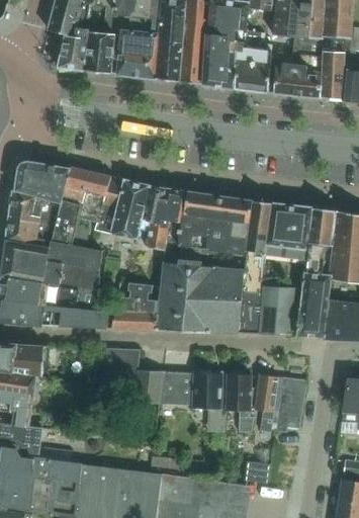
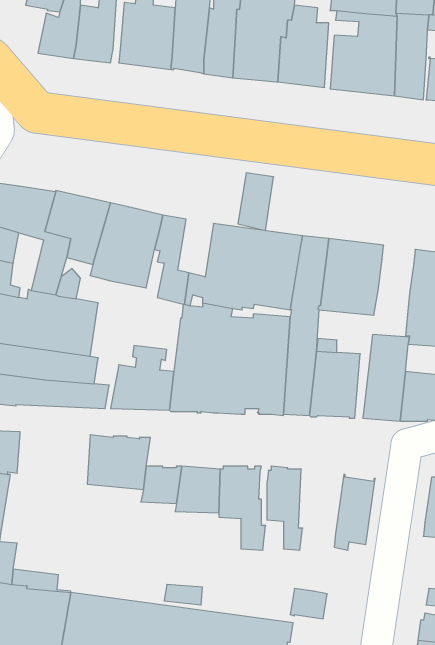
building: [160,188,186,231] -> [238,173,274,231]
building: [303,207,335,274] -> none
building: [253,372,277,432] -> none

